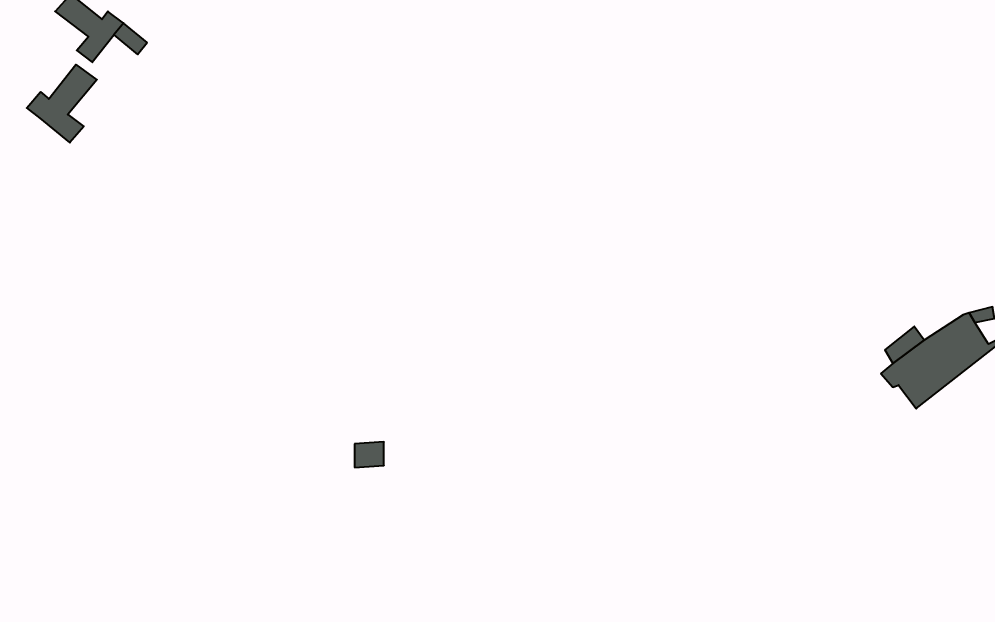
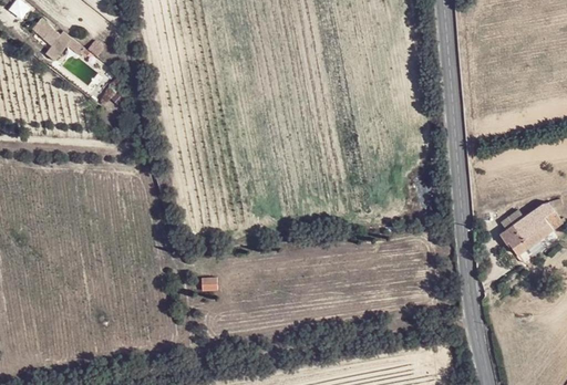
building: [27,65,97,143] -> none

